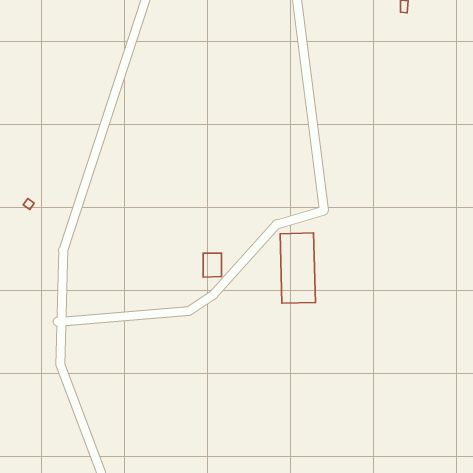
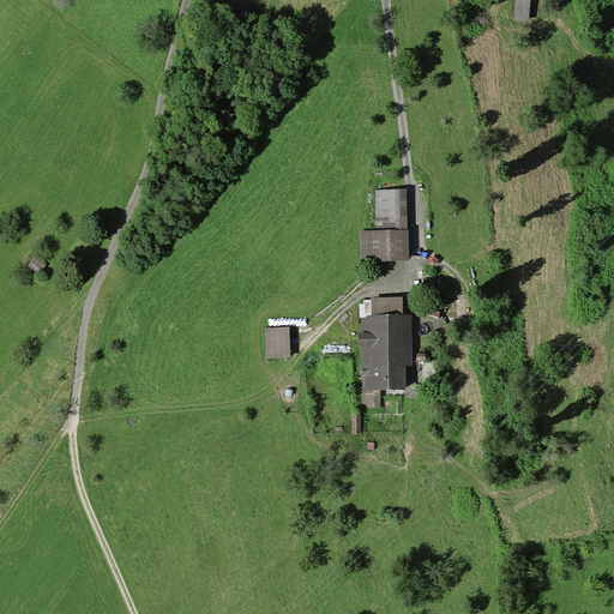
building: none -> [371,186,407,257]

